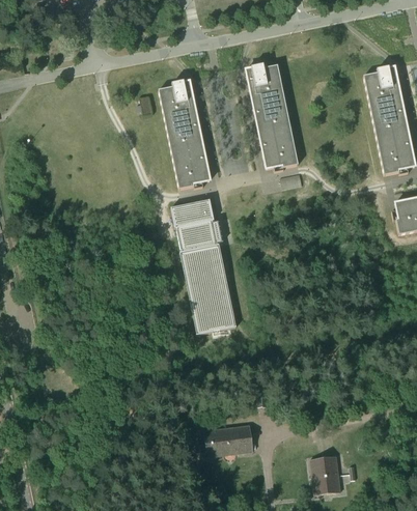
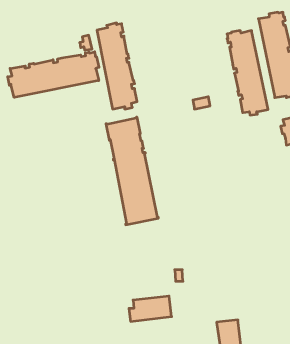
building: [246,63,298,170] -> [227,31,268,115]
building: none -> [8,52,99,97]

